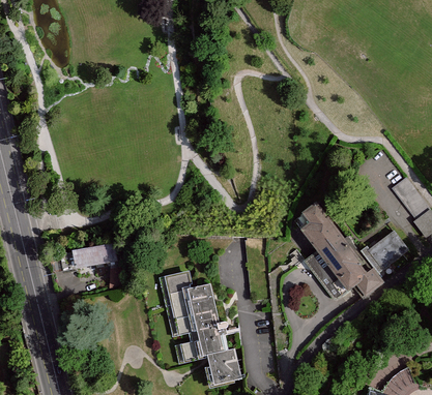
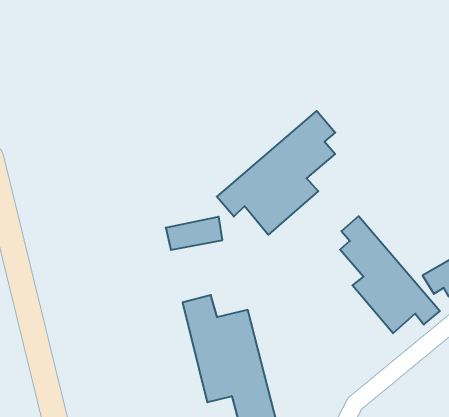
building: none -> [217,111,335,235]
building: [69,241,117,269] -> [166,217,222,250]

